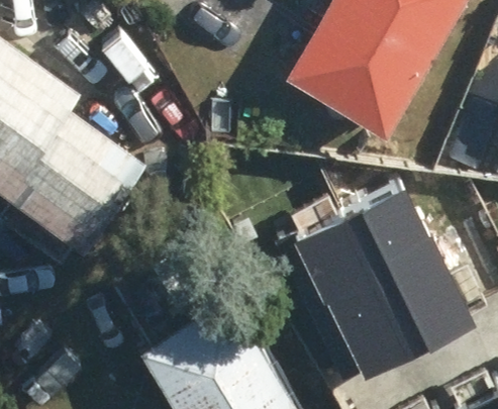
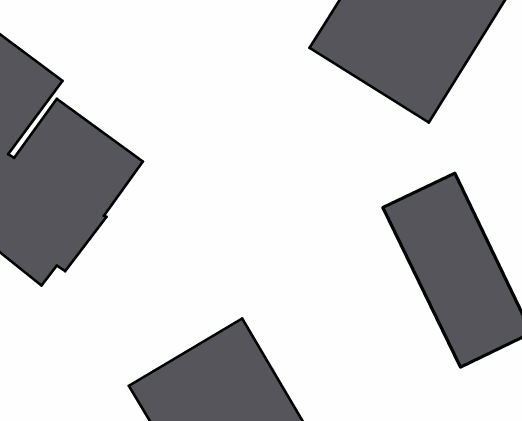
building: [282,210,415,379] -> none

